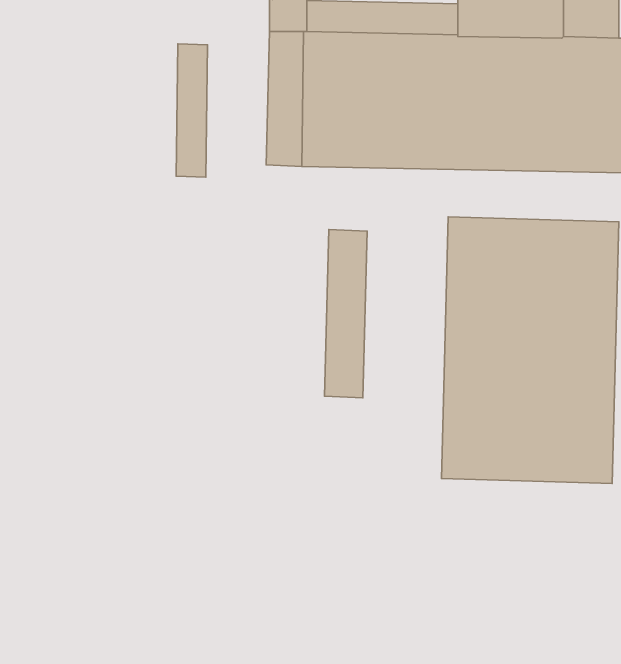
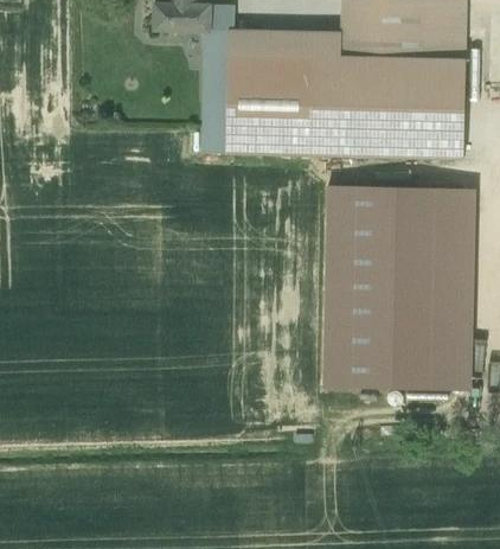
building: [176,44,207,177] -> none
building: [325,229,367,398] -> none

